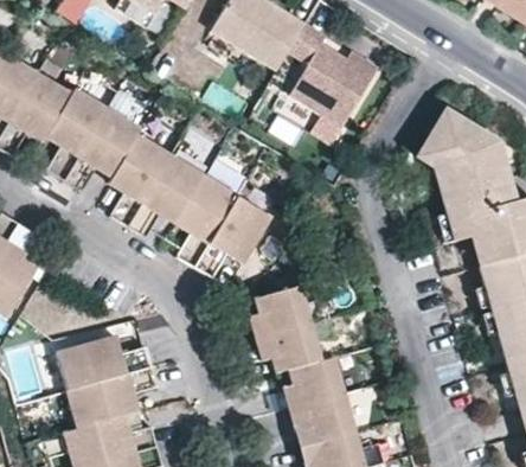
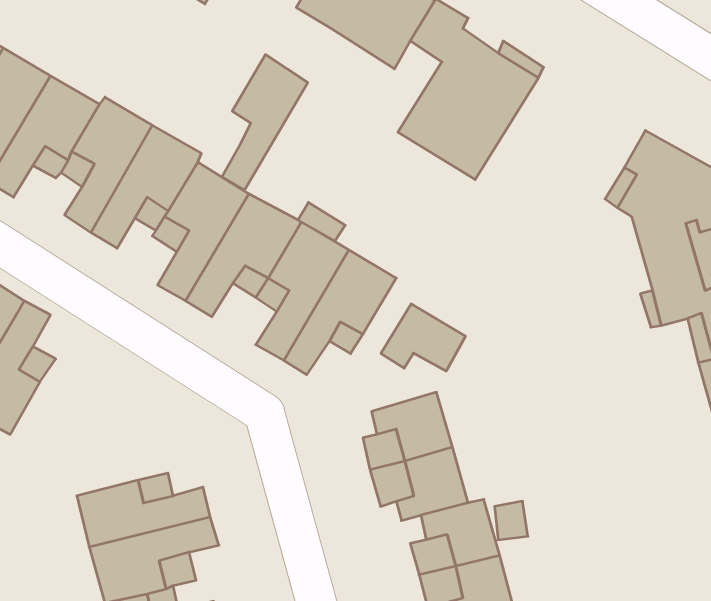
building: none -> [222,55,308,190]
building: none -> [381,304,465,371]

